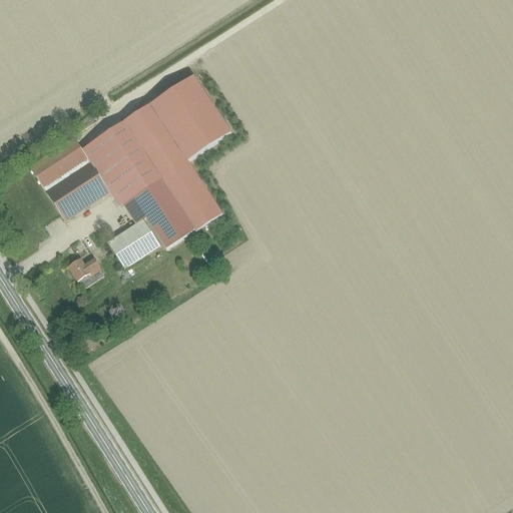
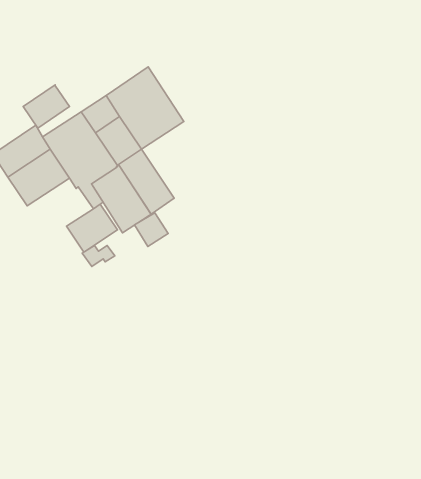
building: none -> [23,85,70,128]
building: none -> [135,213,168,246]
building: [69,258,103,280] -> [82,245,115,267]

